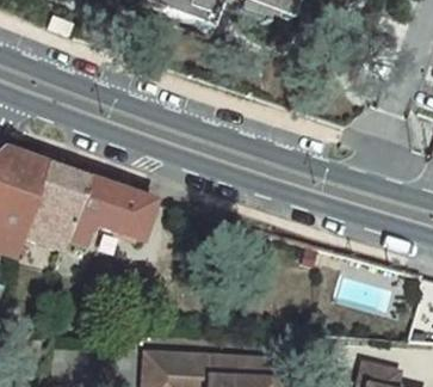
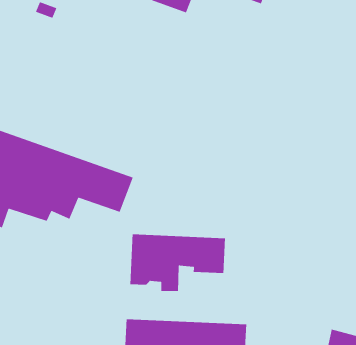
building: none -> [130,234,226,292]

